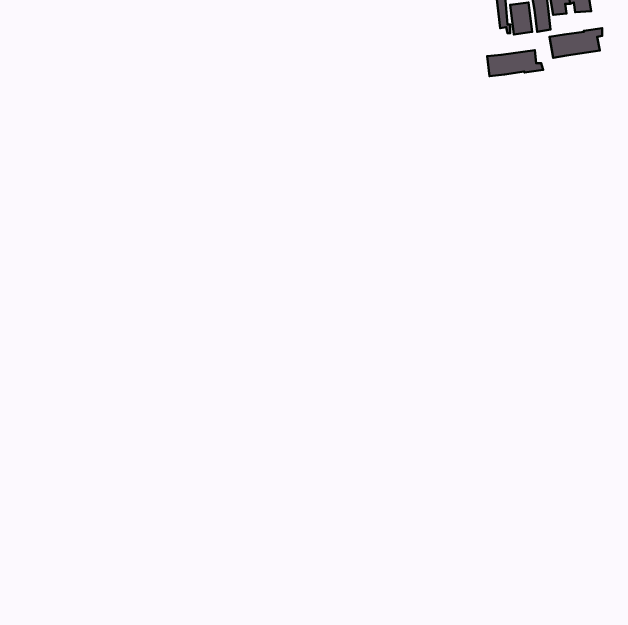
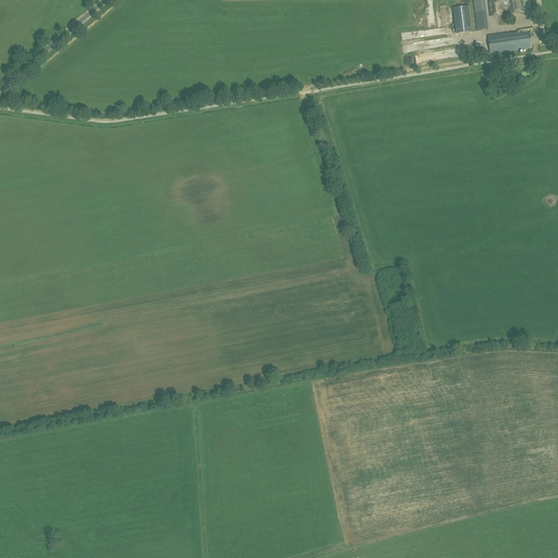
building: [487,50,543,76] -> none

